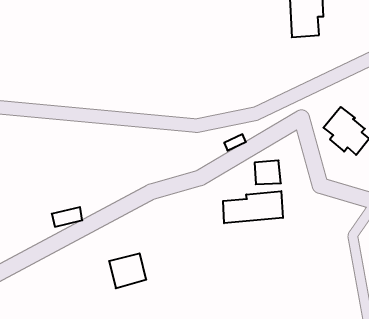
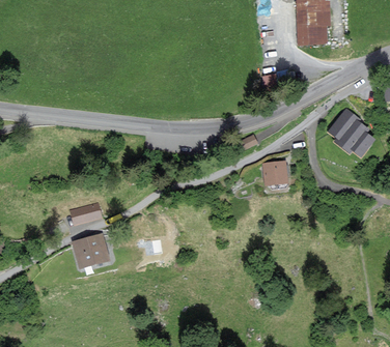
building: [223,191,283,223] -> none
building: [109,253,146,288] -> [74,234,109,267]

